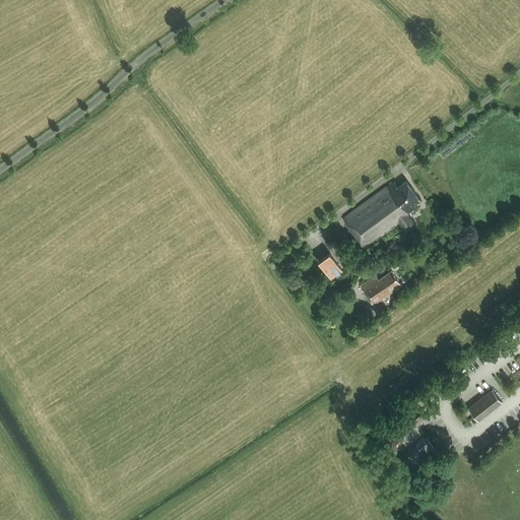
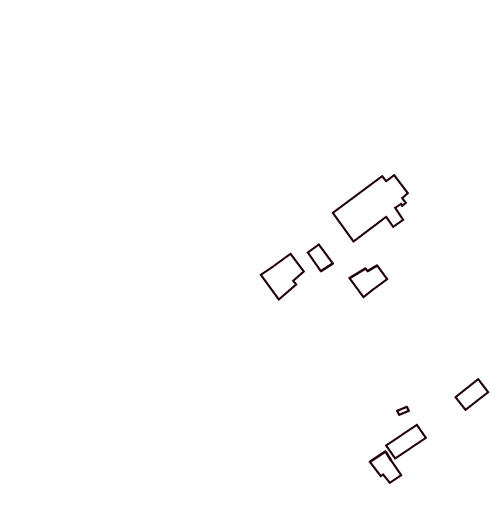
building: none -> [261,254,304,300]
building: none -> [370,451,401,483]

